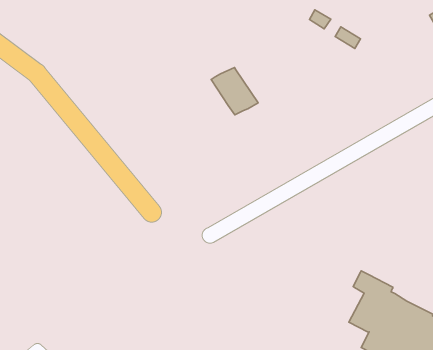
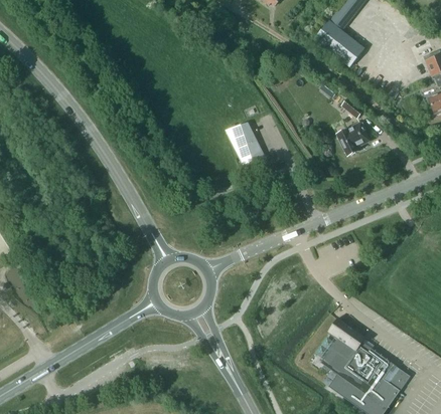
building: none -> [337,122,370,155]

